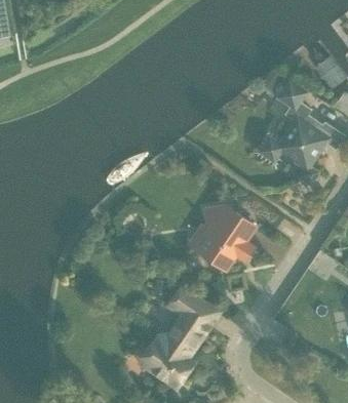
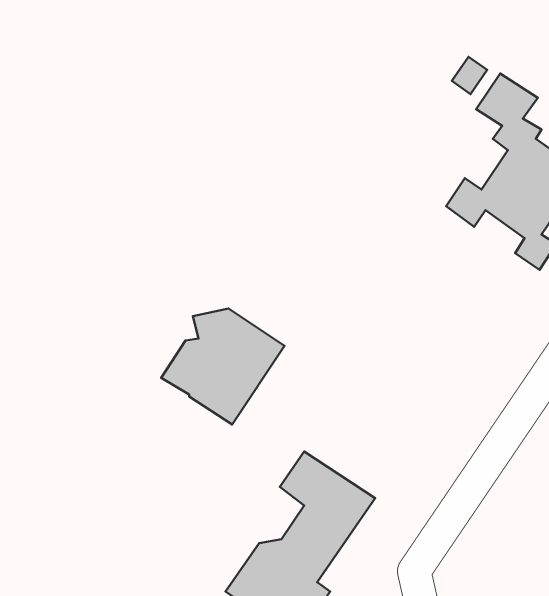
building: [188,205,256,269] -> [161,309,285,425]

